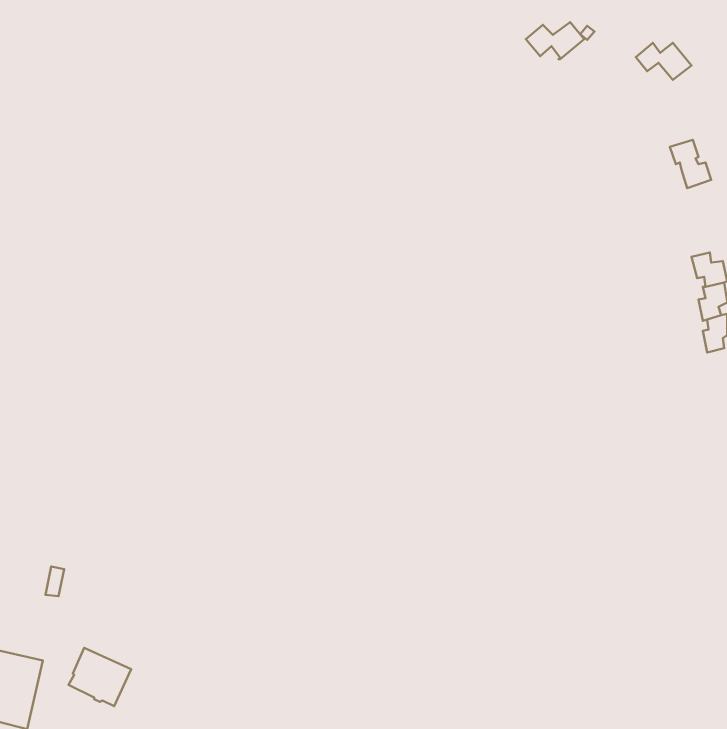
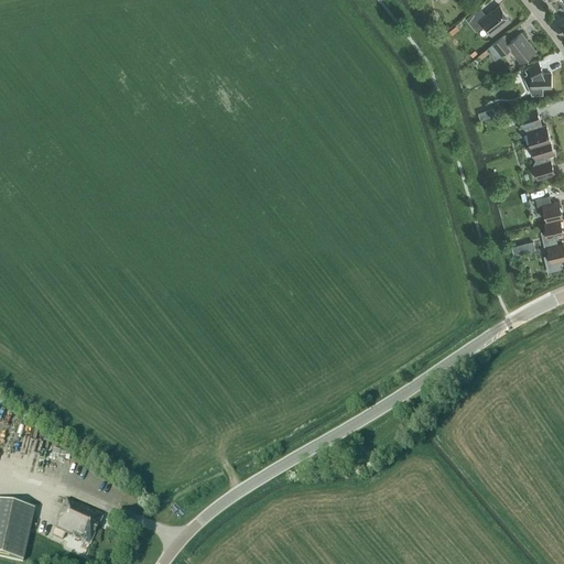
building: [526,22,584,59] -> [465,6,510,34]
building: none -> [522,62,551,95]
building: none -> [531,139,554,178]

